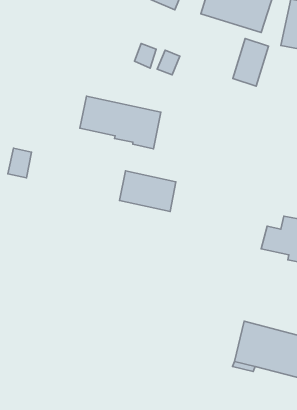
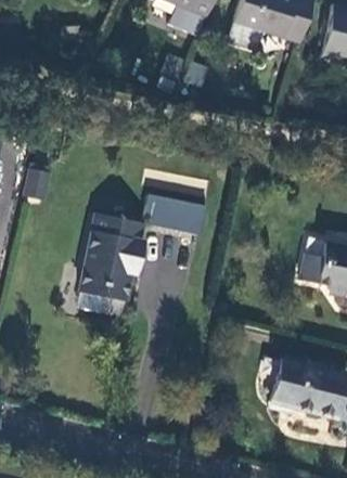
building: [233,39,268,86] -> none
building: [80,96,161,149] -> none
building: none -> [75,214,140,315]

